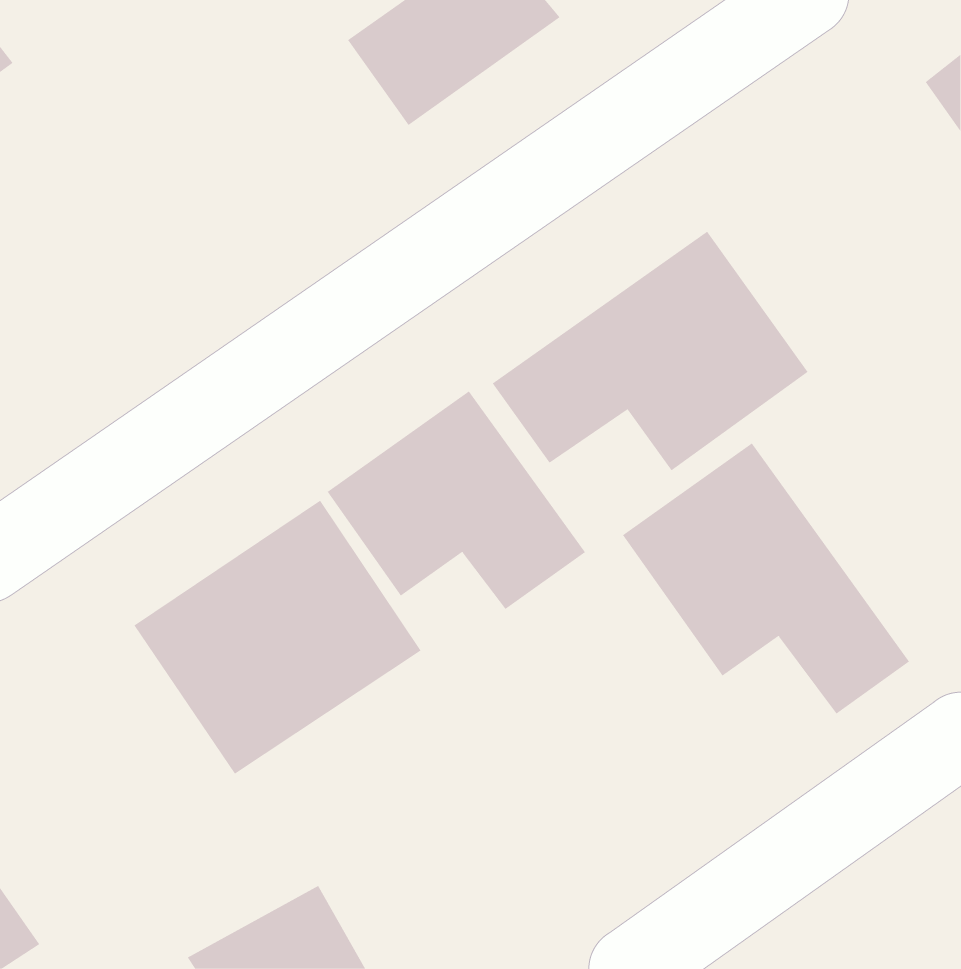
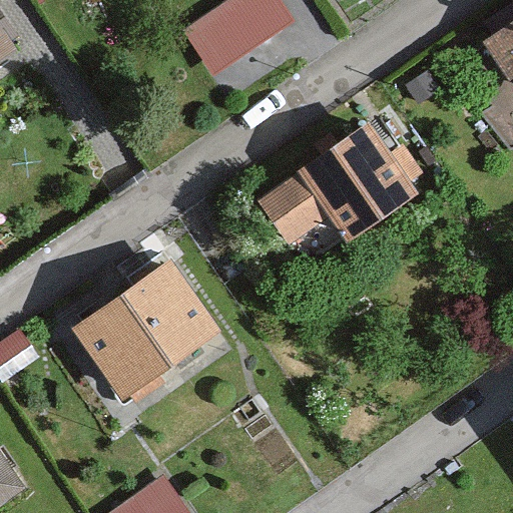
building: [327,390,586,610] -> none
building: [622,443,910,714] -> none

